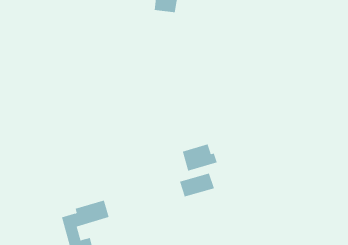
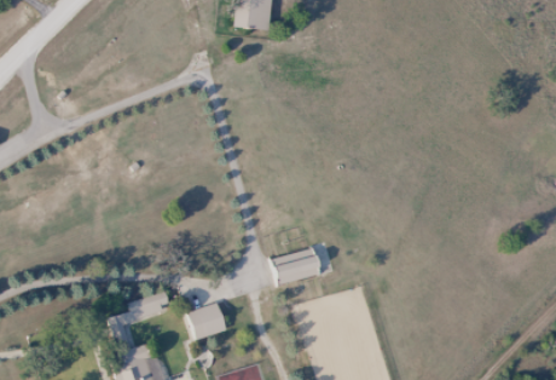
building: [182,143,218,171] -> none
building: none -> [189,301,227,339]

